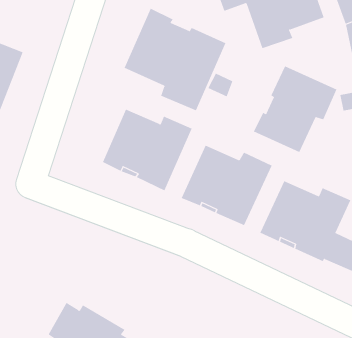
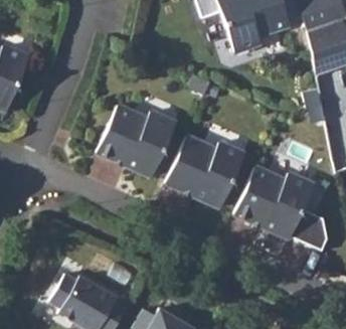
building: [124,8,226,111] -> none
building: [253,66,337,153] -> none

